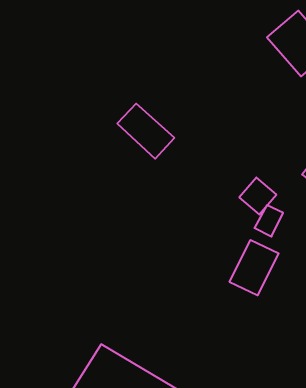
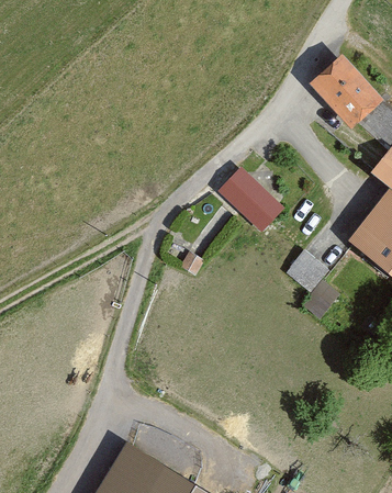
building: [117,104,174,159] -> [216,172,282,236]
building: [230,240,279,295] -> none

